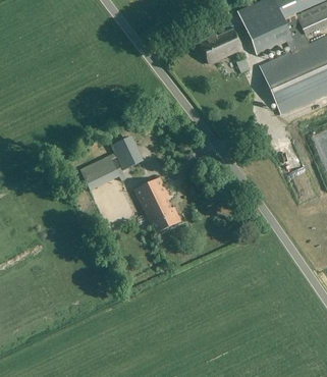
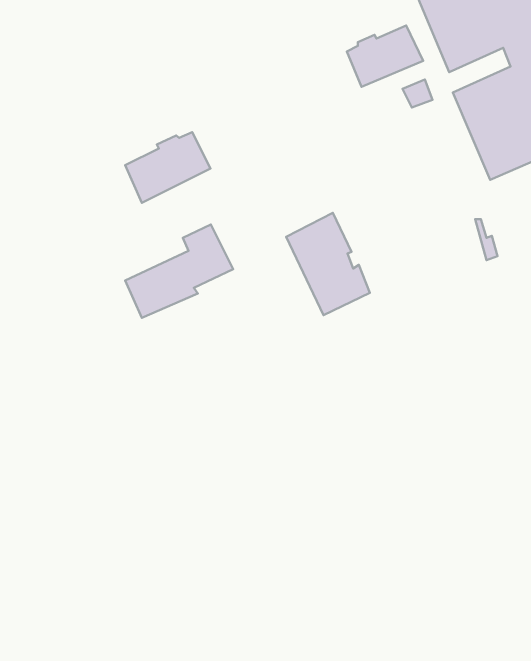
building: none -> [125,132,211,203]
building: [134,177,180,233] -> [286,213,370,315]

